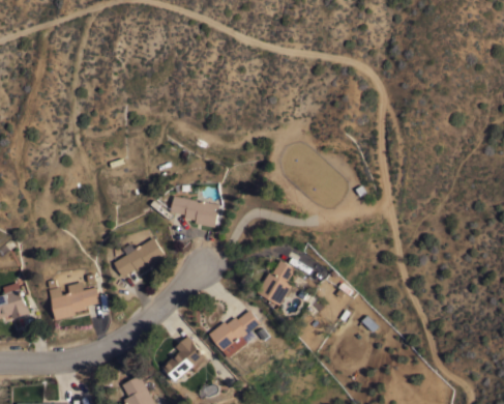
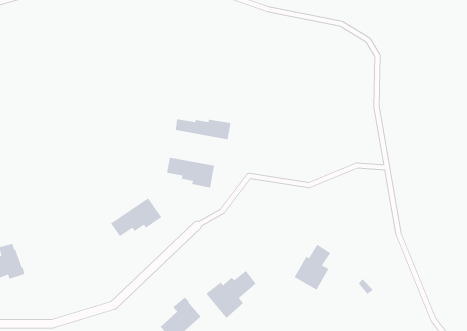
building: none -> [175,119,231,140]
building: [257,260,294,307] -> [294,244,331,290]
building: [50,287,99,320] -> none

